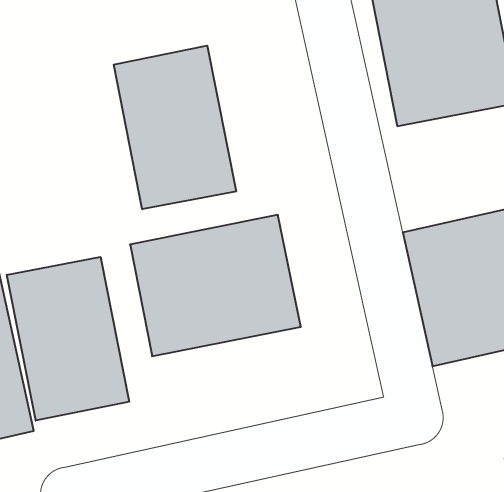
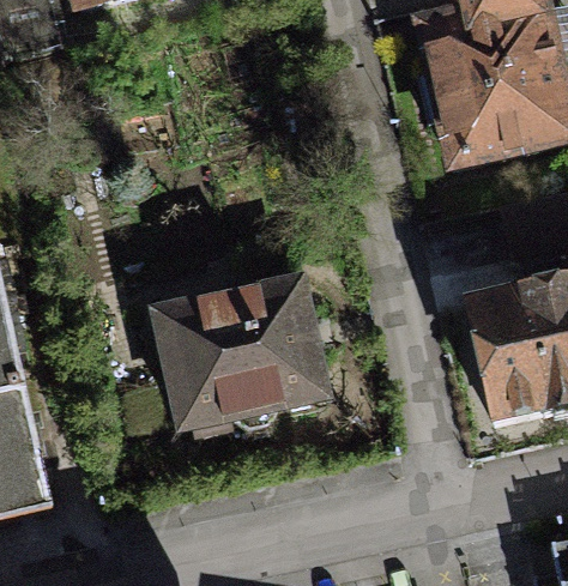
building: [114,46,236,209] -> none
building: [7,257,129,421] -> none

